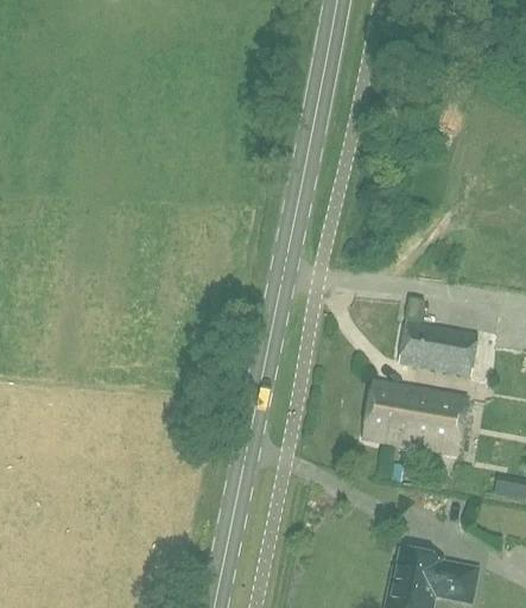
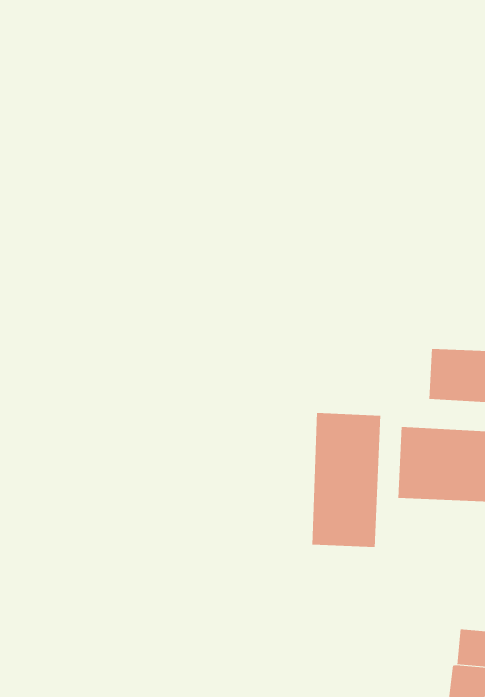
building: none -> [312,412,381,548]

